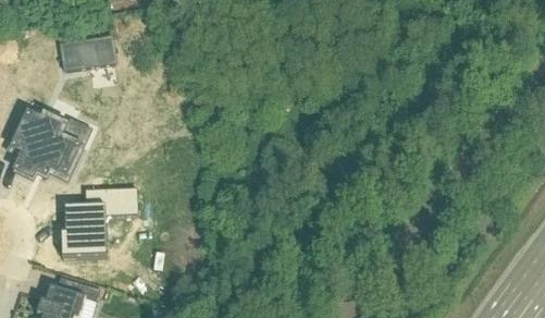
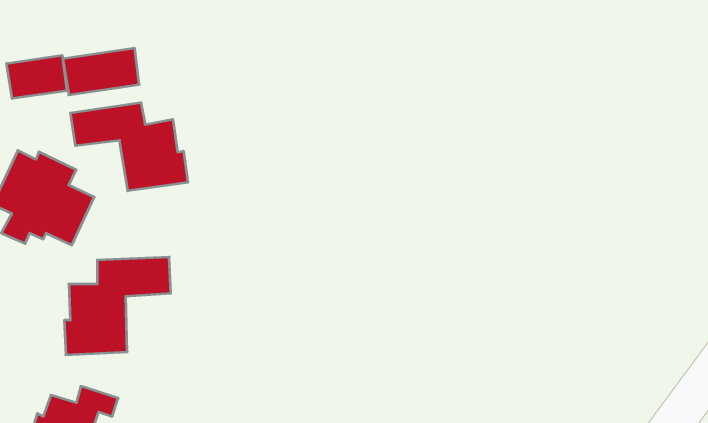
building: none -> [7,55,67,99]
building: none -> [71,103,188,191]

